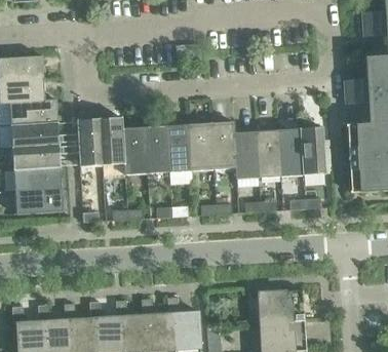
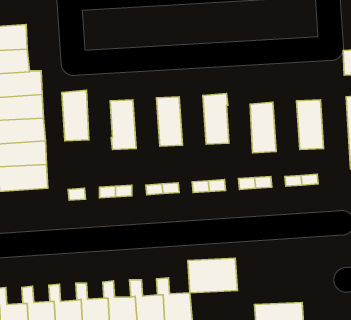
building: [99,117,123,165] -> none
building: [187,123,212,170] -> none
building: [143,125,168,173] -> none
building: [276,128,302,177] -> none
building: [232,131,257,179] -> none
building: [257,289,304,322] -> [188,258,237,293]

